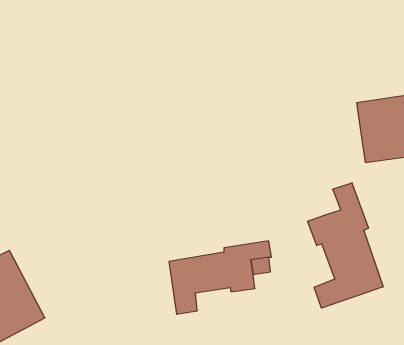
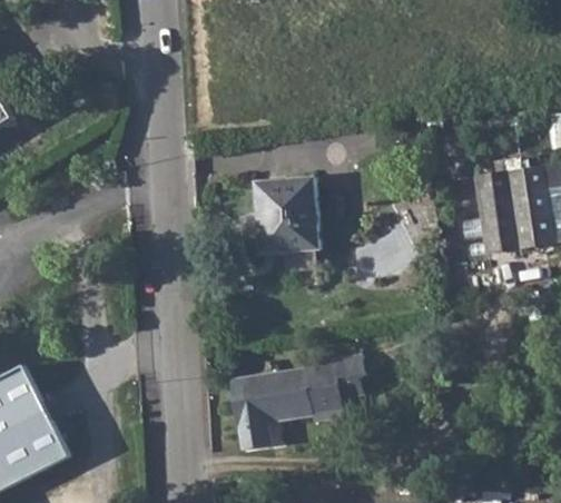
building: none -> [258,178,319,254]
building: [308,183,383,308] -> none

